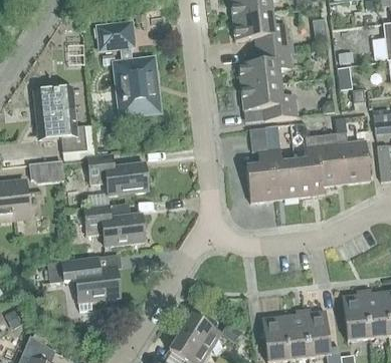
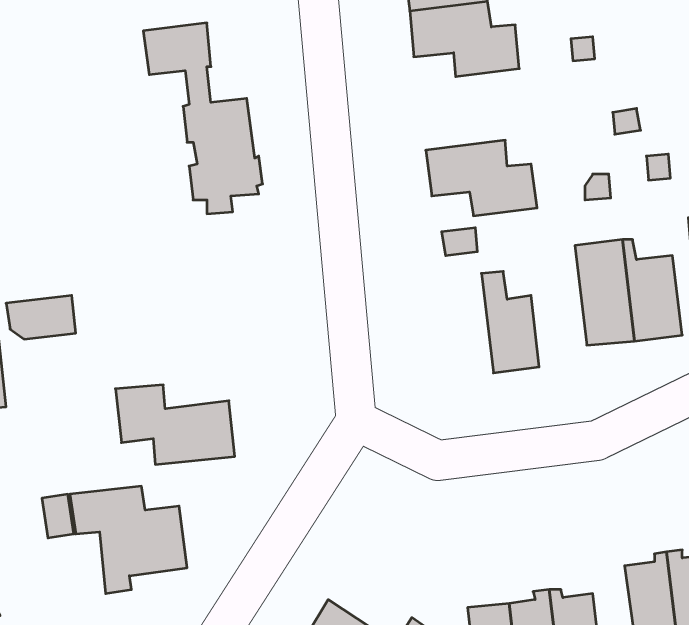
building: [238,45,291,86] -> none
building: [37,87,86,150] -> none
building: [295,134,324,196] -> none
building: [246,148,275,202] -> none
building: [87,153,148,195] -> none

